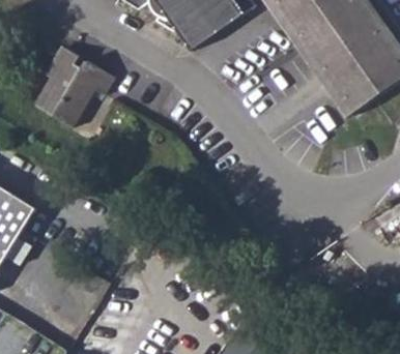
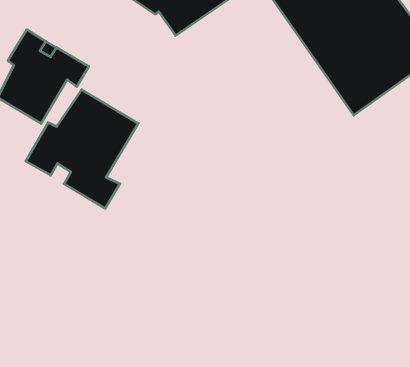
building: none -> [26,90,138,208]

